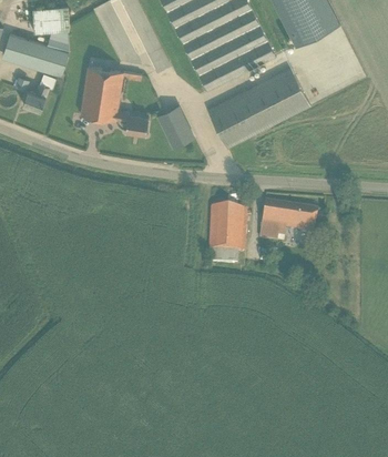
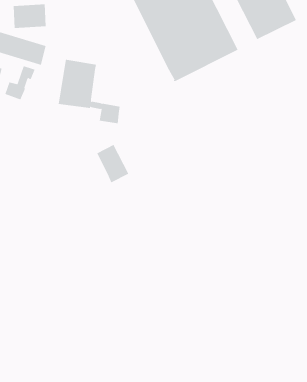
building: [208,70,309,149] -> none
building: [159,106,194,149] -> [96,144,129,183]
building: [258,203,317,242] -> none
building: [208,207,243,253] -> none

